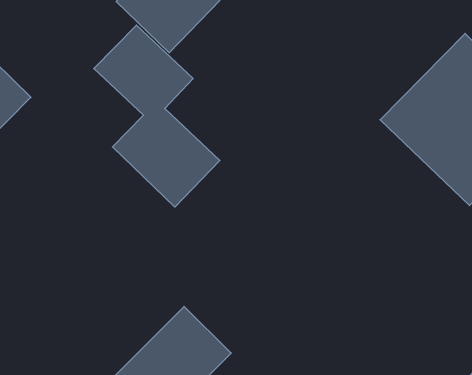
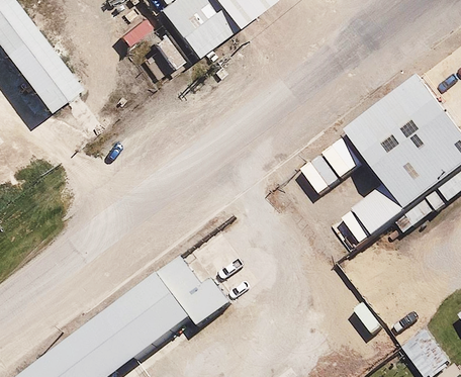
building: [94,25,220,207] -> none

